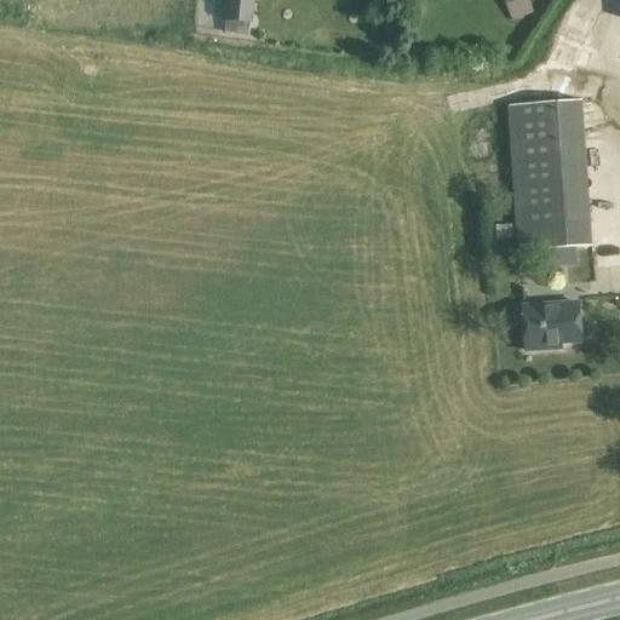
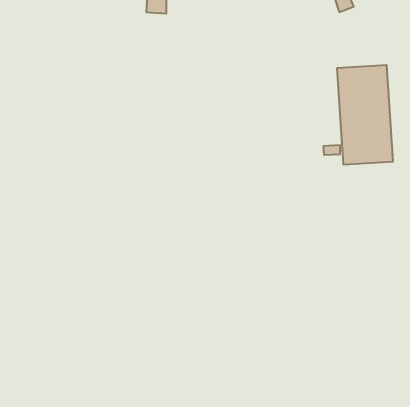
building: [522,300,581,348] -> none

